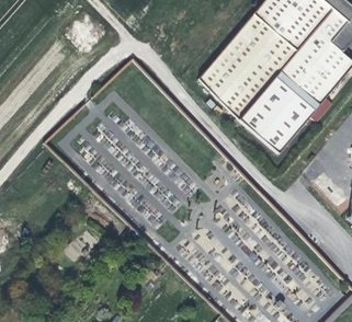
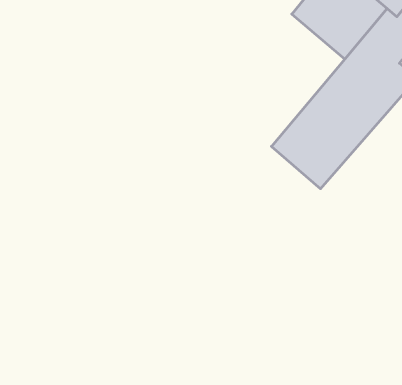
building: [201,14,288,113] -> none

